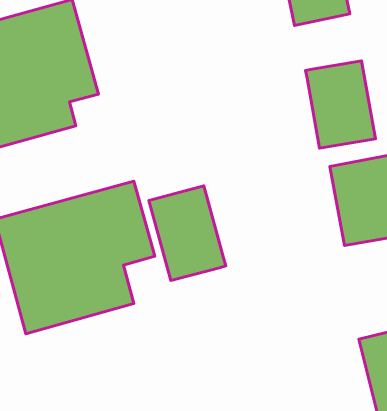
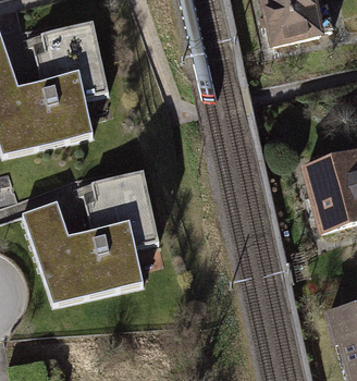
building: [306,61,375,148] -> none
building: [149,186,226,281] -> none

